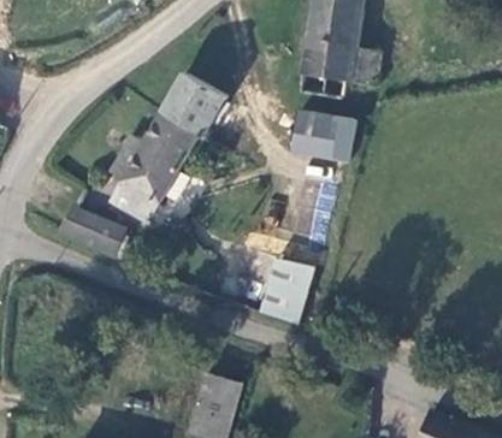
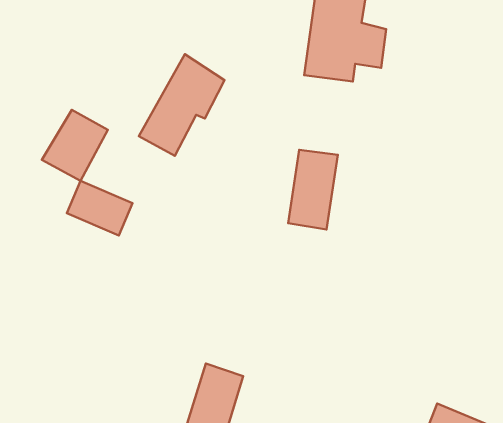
building: [287,111,354,162] -> none
building: [111,154,175,223] -> [42,110,108,181]
building: [260,253,313,320] -> none

